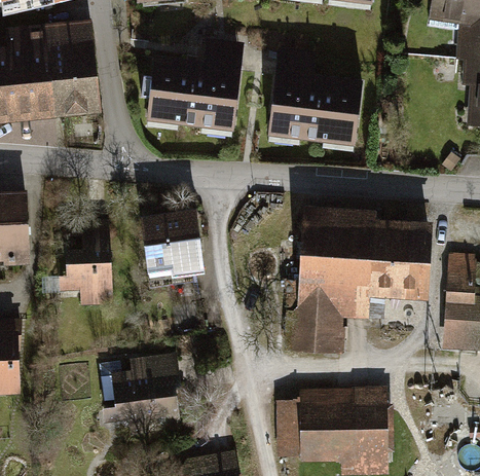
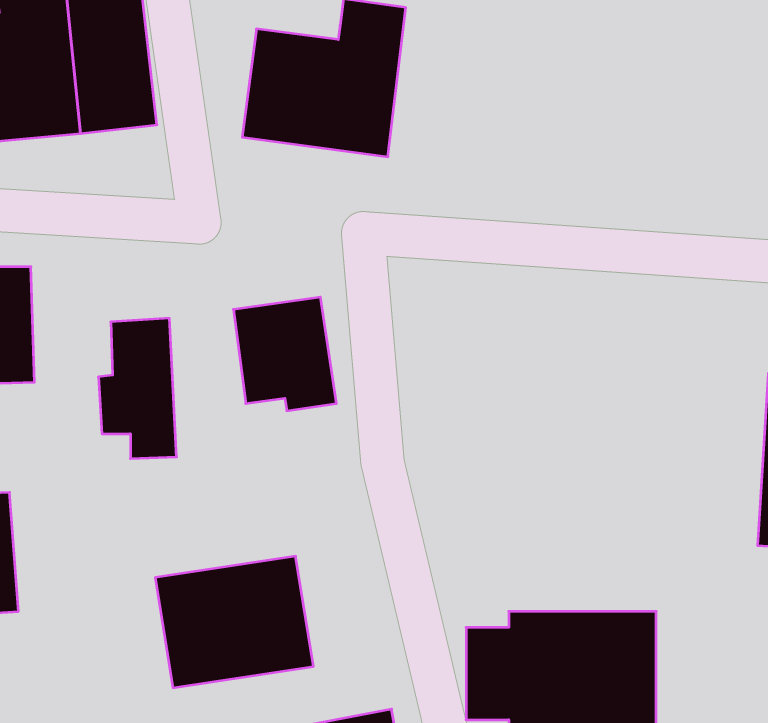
building: [268,49,361,145] -> none
building: [296,216,431,352] -> none

